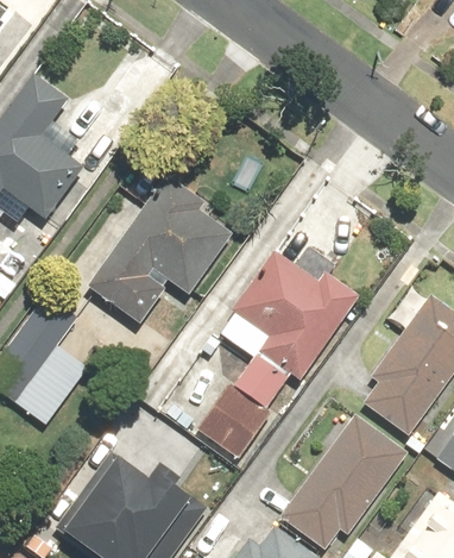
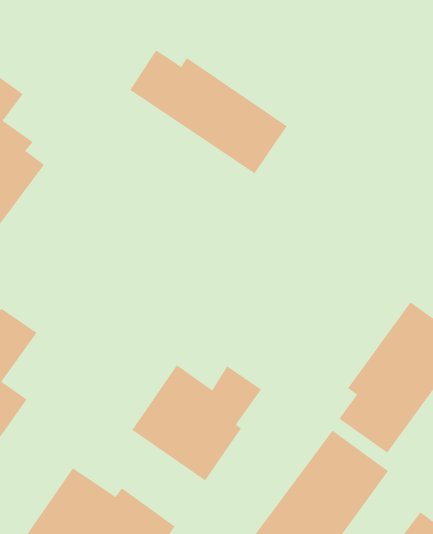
building: none -> [129,49,287,174]
building: [89,181,232,322] -> none
building: [231,250,360,384] -> none

